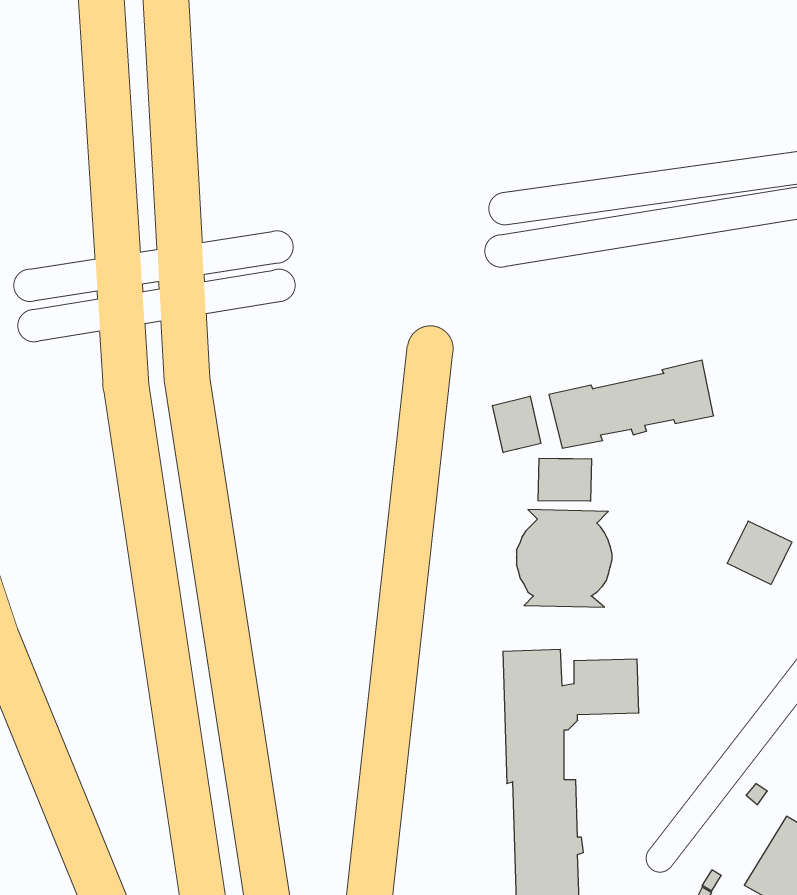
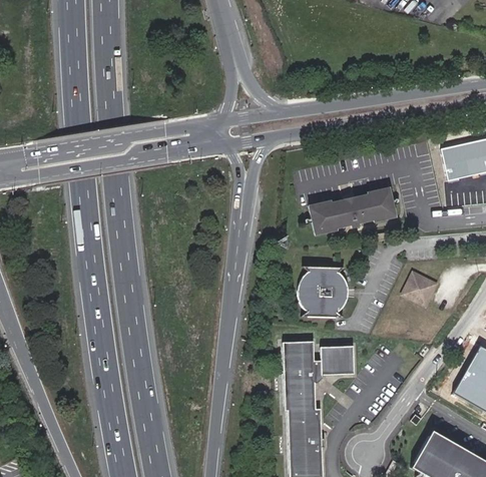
building: [493,396,541,453] -> none
building: [538,458,591,501] -> none

